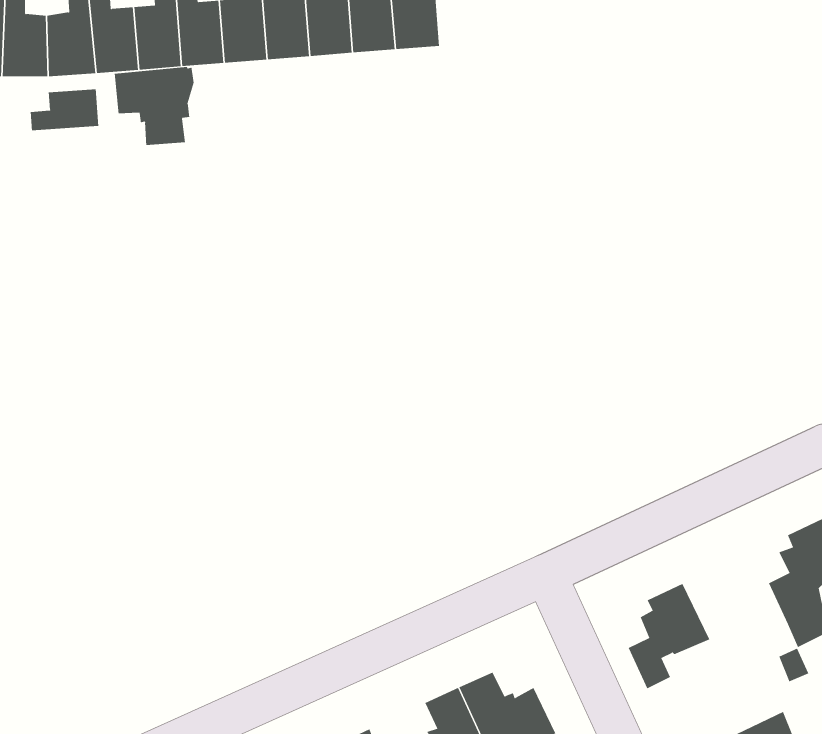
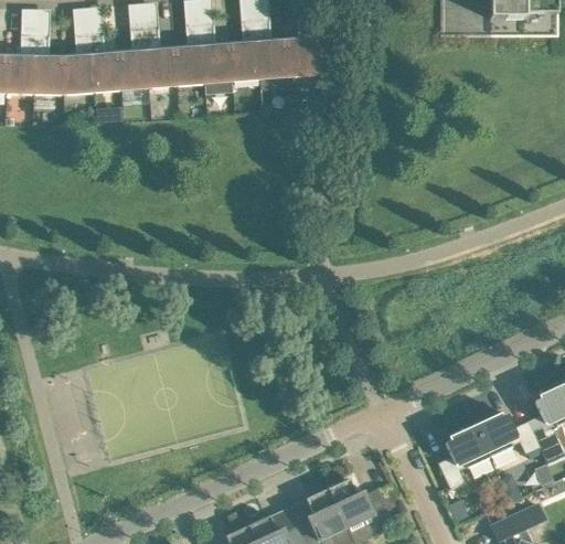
building: [114,66,194,146] -> none
building: [30,89,99,131] -> none
building: none -> [472,410,540,458]

